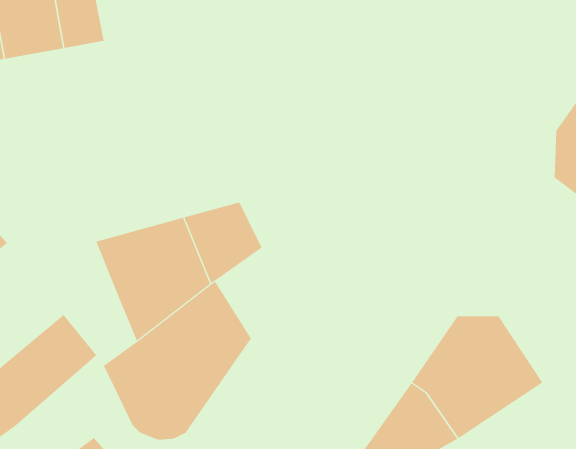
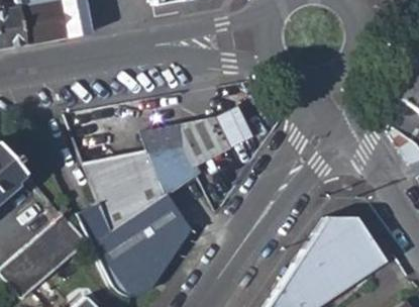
building: none -> [139,102,253,165]
building: none -> [76,204,114,249]

